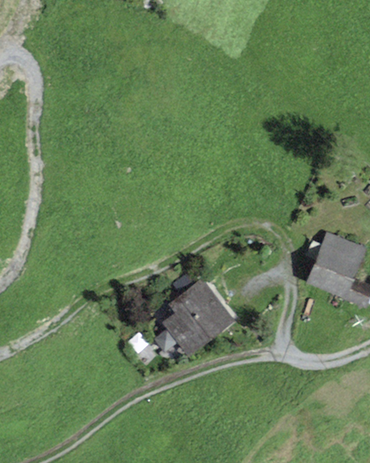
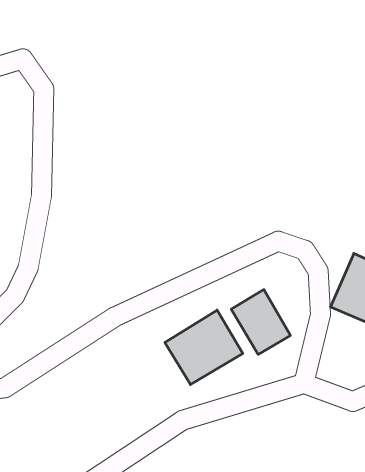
building: none -> [231,290,290,354]

